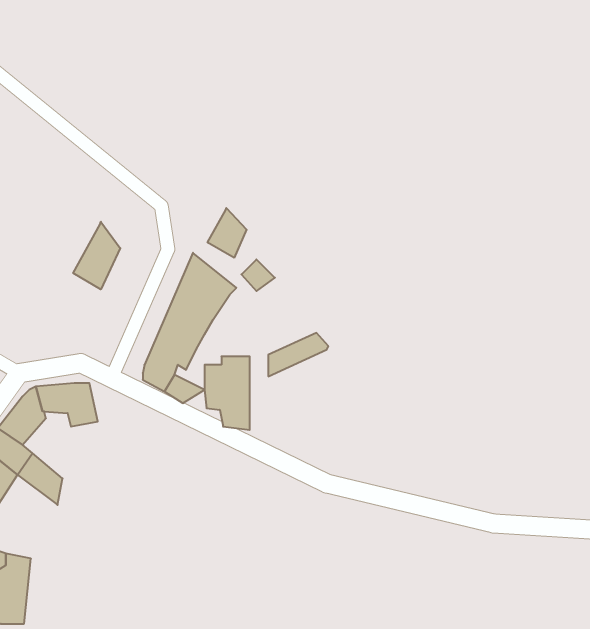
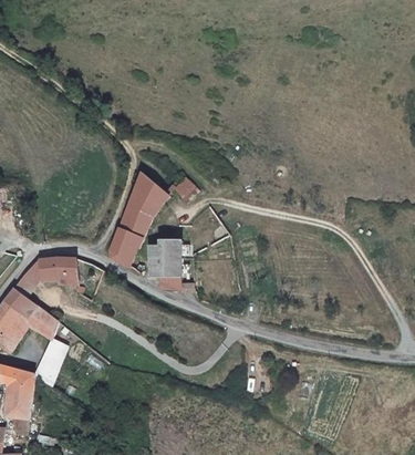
building: [208,208,247,258] -> none
building: [73,222,120,289] -> none
building: none -> [37,338,66,386]

